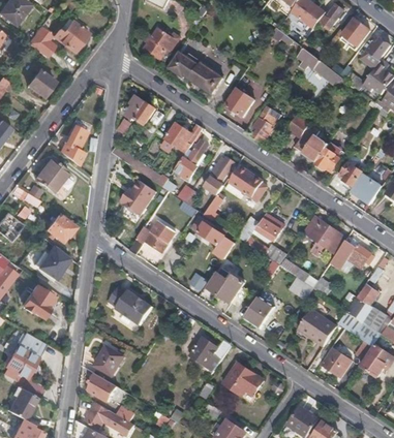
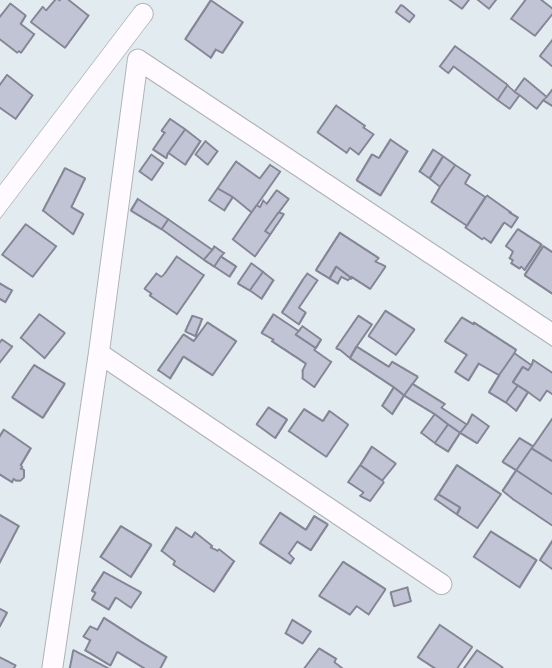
building: [170,52,224,94] -> none
building: [205,157,235,194] -> none
building: [109,286,153,325] -> [161,527,234,592]

